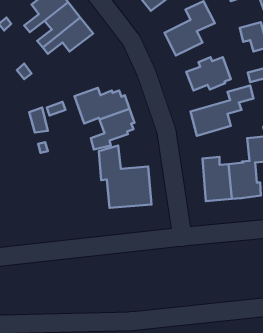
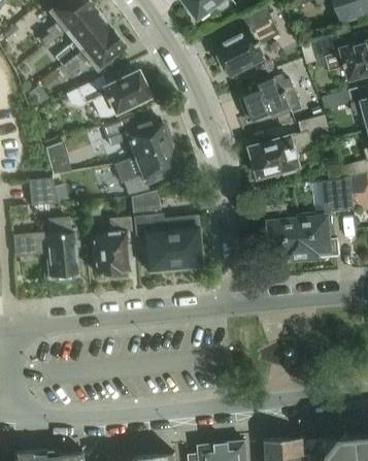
building: none -> [65,72,149,119]
building: none -> [28,178,58,206]
building: none -> [28,219,78,285]
building: none -> [93,219,131,273]

